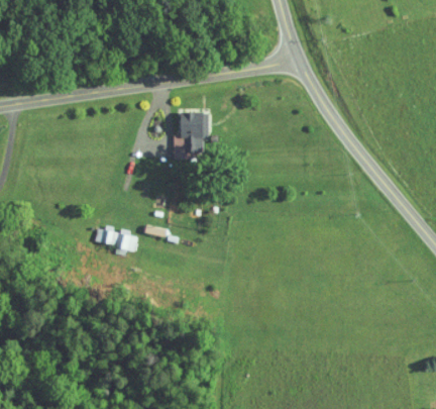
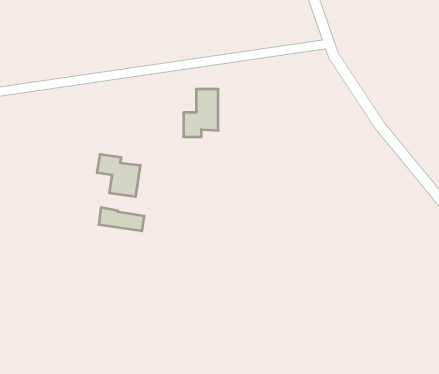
building: none -> [97,154,140,197]

